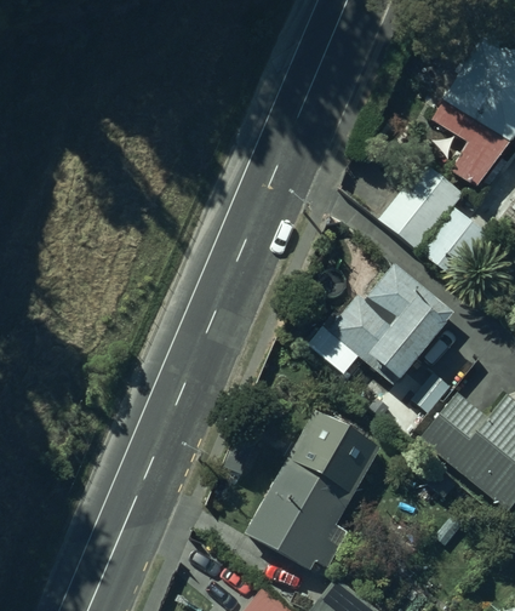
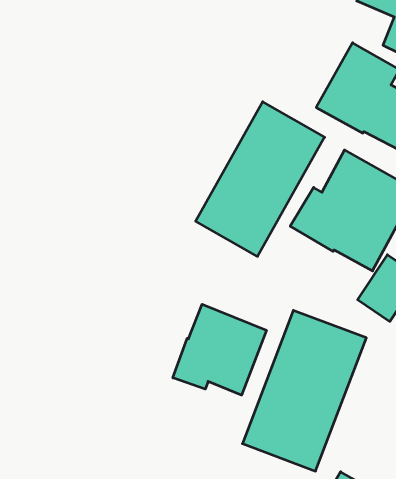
building: none -> [196,102,325,256]
building: none -> [173,304,266,395]

